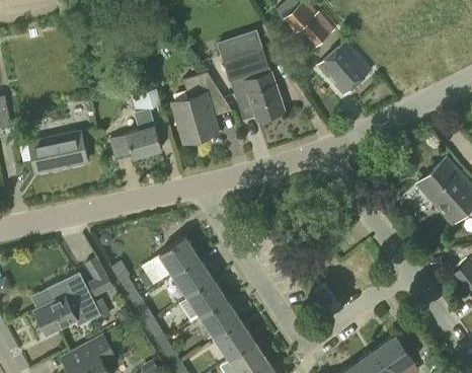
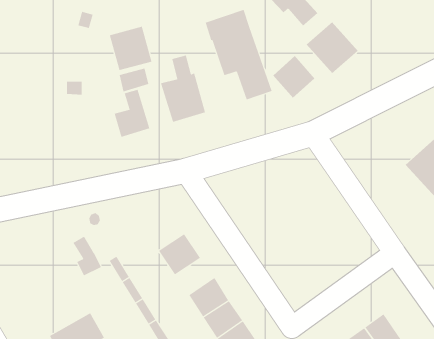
building: none -> [109,26,152,71]
building: none -> [272,55,315,99]
building: [29,133,87,174] -> none
building: [159,238,196,273] -> none
building: [35,275,99,335] -> none
building: [186,280,227,317] -> none

